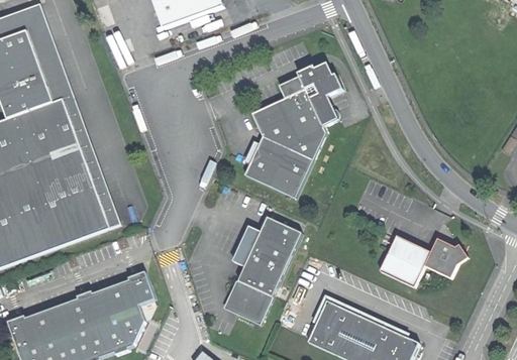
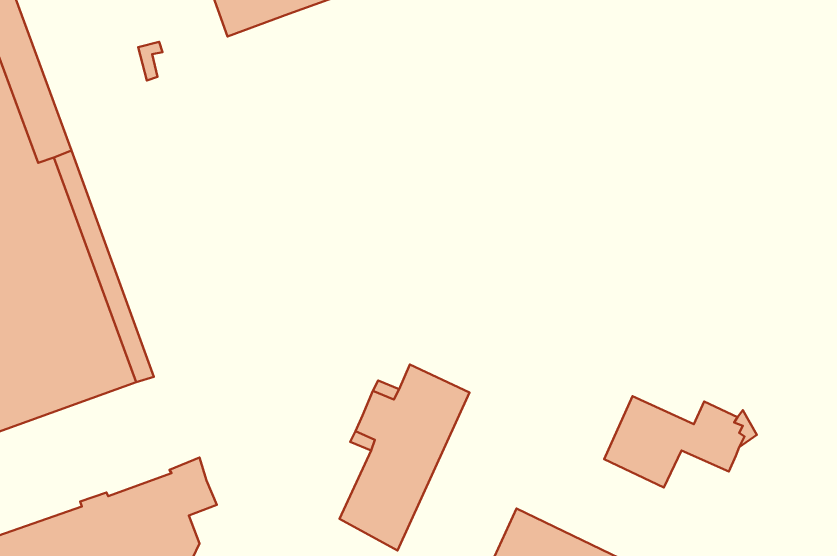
building: [242,64,341,199] -> none

